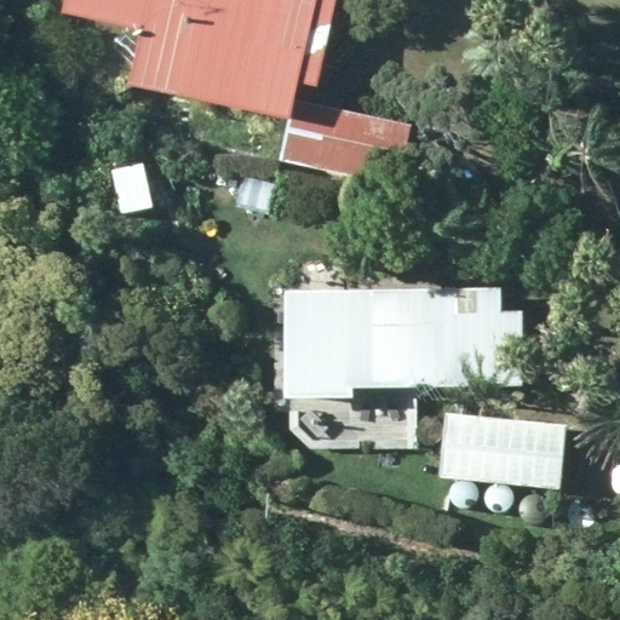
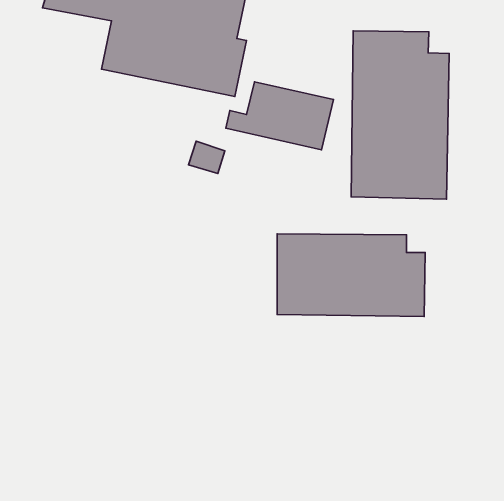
building: none -> [351,31,449,199]
building: [437,411,563,509] -> none

